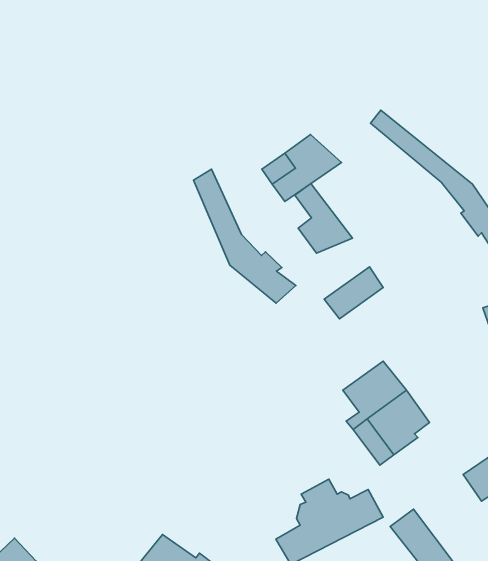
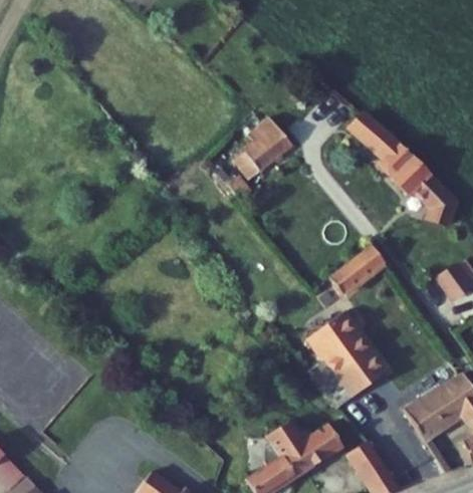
building: [193,169,296,303] -> none
building: [295,184,352,253] -> none
building: [324,267,383,319] -> [340,245,392,290]

